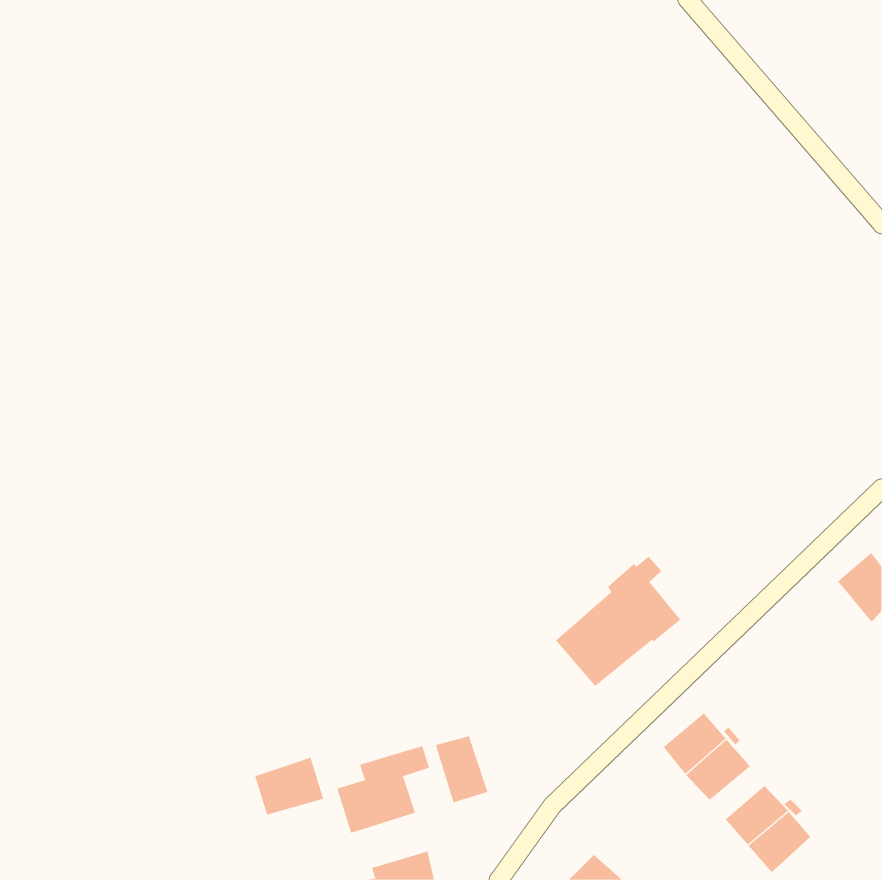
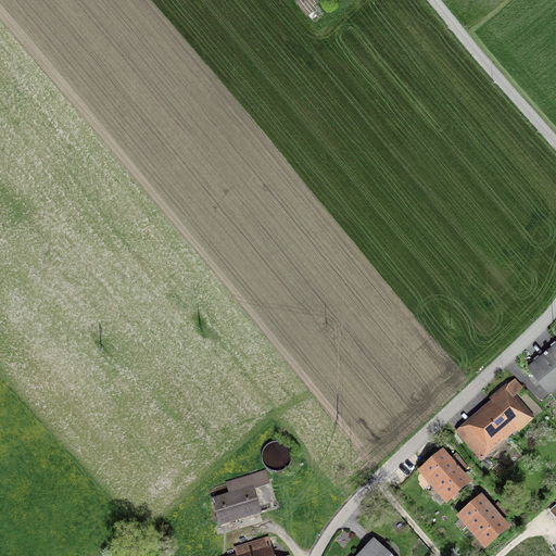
building: [555,556,681,687] -> [456,378,535,460]
building: [435,735,488,803] -> none
building: [254,757,324,815] -> none

